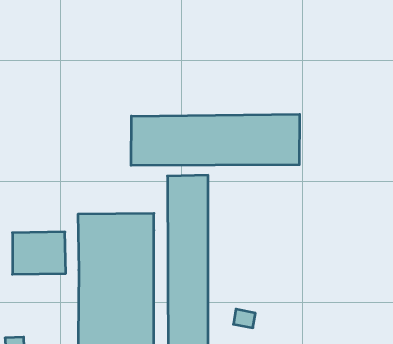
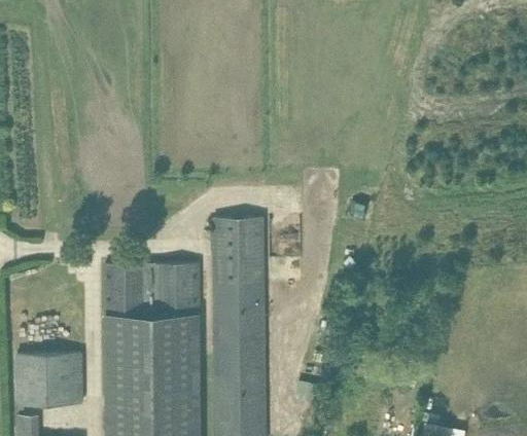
building: [131,114,300,165] -> none
building: [12,232,66,274] -> [19,355,83,406]

